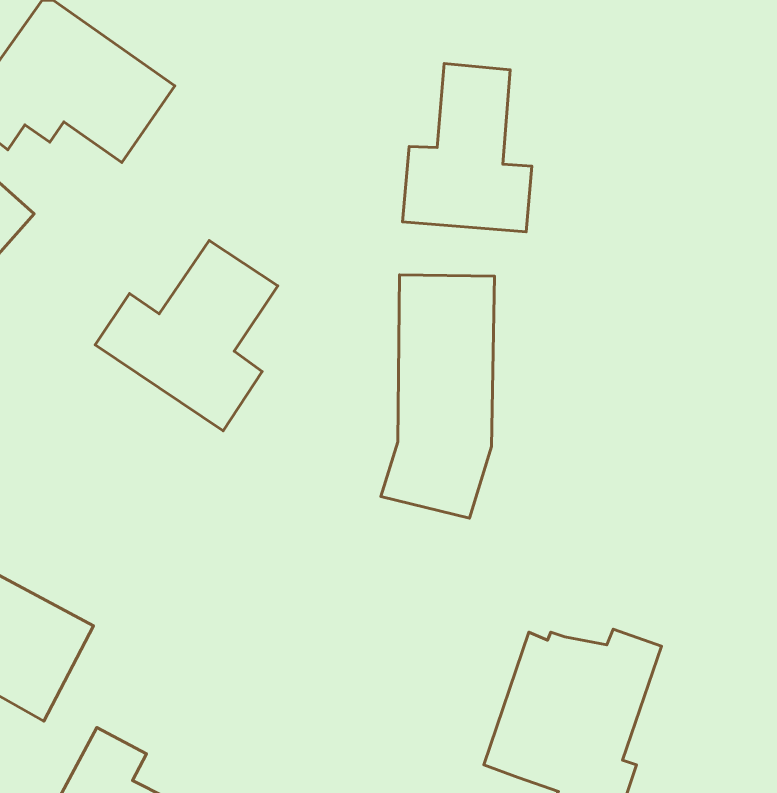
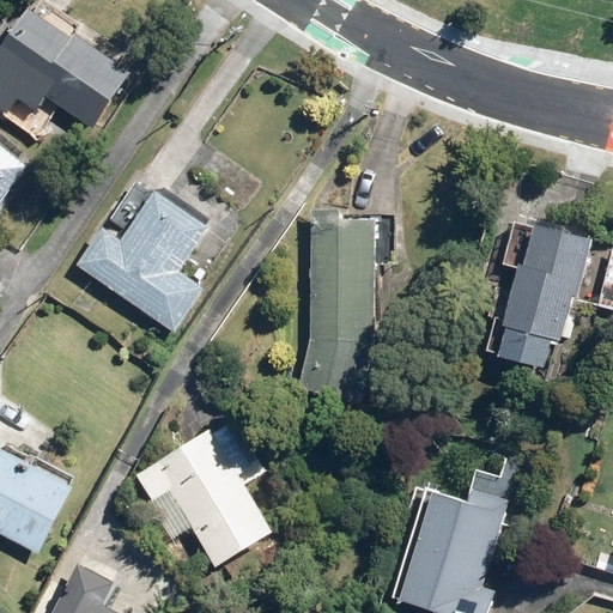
building: [402,64,532,232] -> none
building: none -> [485,217,589,368]
building: none -> [133,415,278,569]

